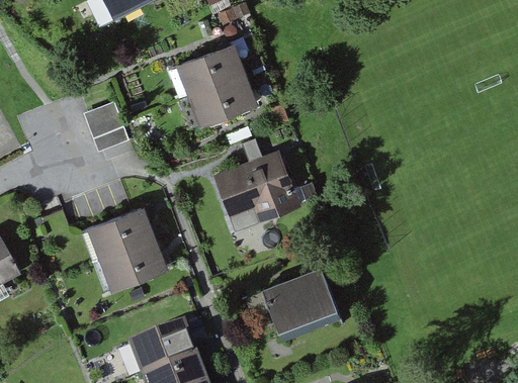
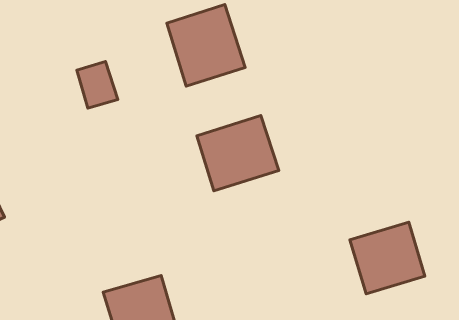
building: [86,205,169,292] -> none
building: [261,264,341,341] -> [350,222,425,294]

